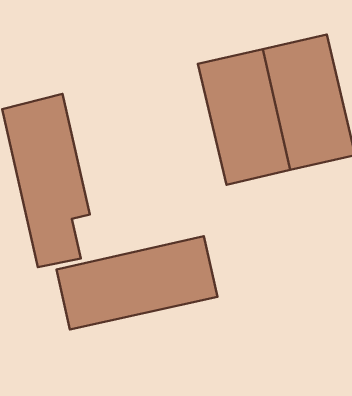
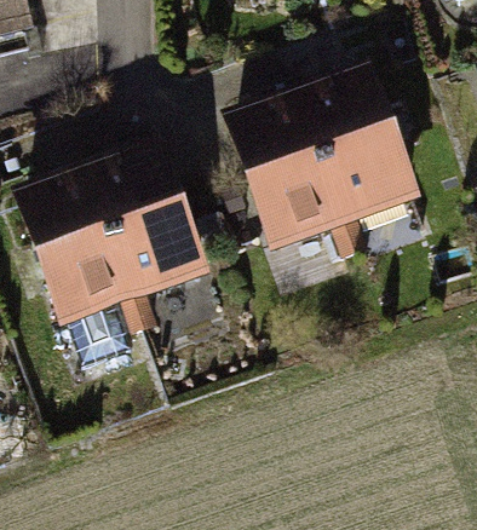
building: none -> [87,149,203,301]
building: [57,236,218,329] -> none

